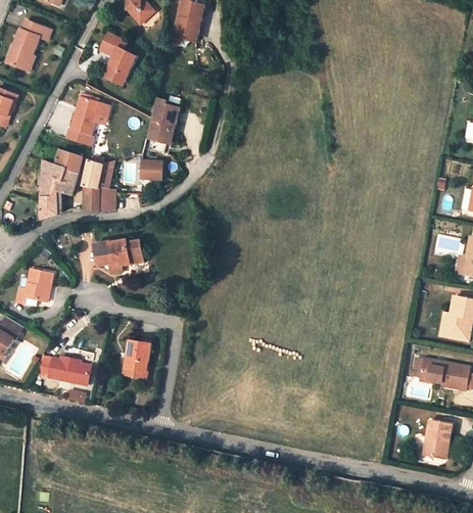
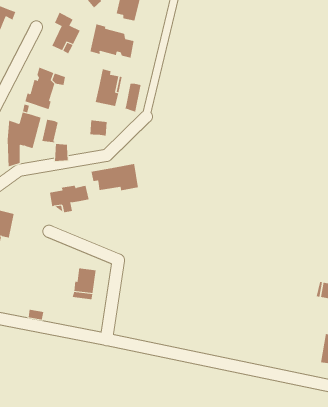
building: none -> [90,24,134,59]
building: none -> [124,83,141,112]
building: [82,187,99,212] -> none
building: none -> [91,163,138,191]
building: [40,358,90,382] -> none

